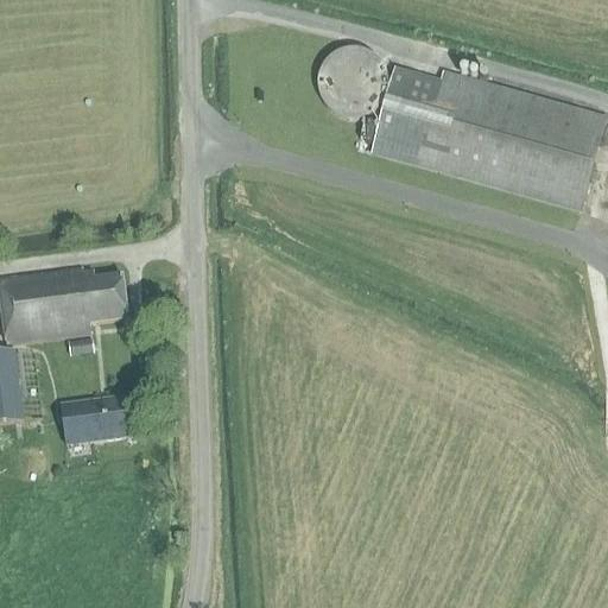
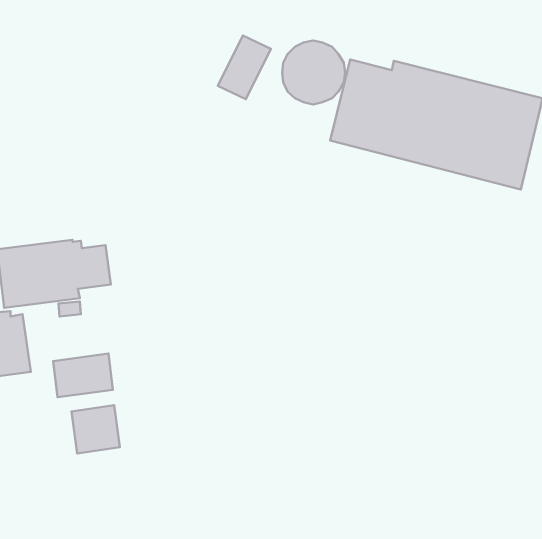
building: none -> [218,36,271,99]
building: none -> [72,405,120,453]

